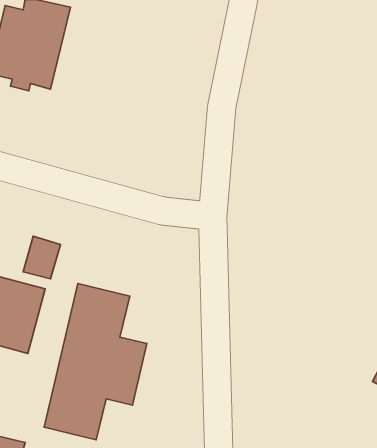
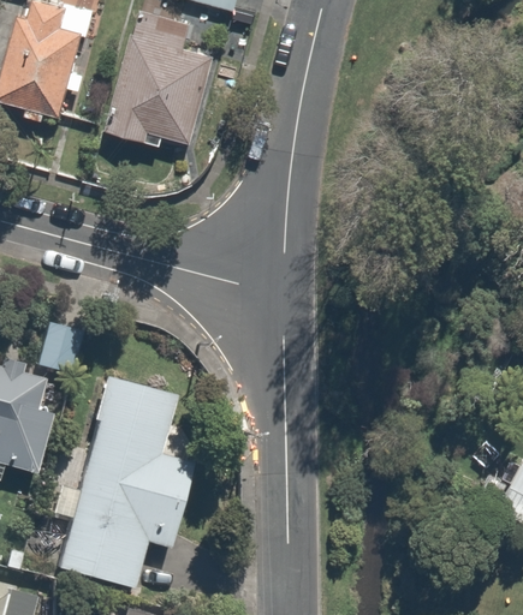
building: none -> [101,17,210,147]

